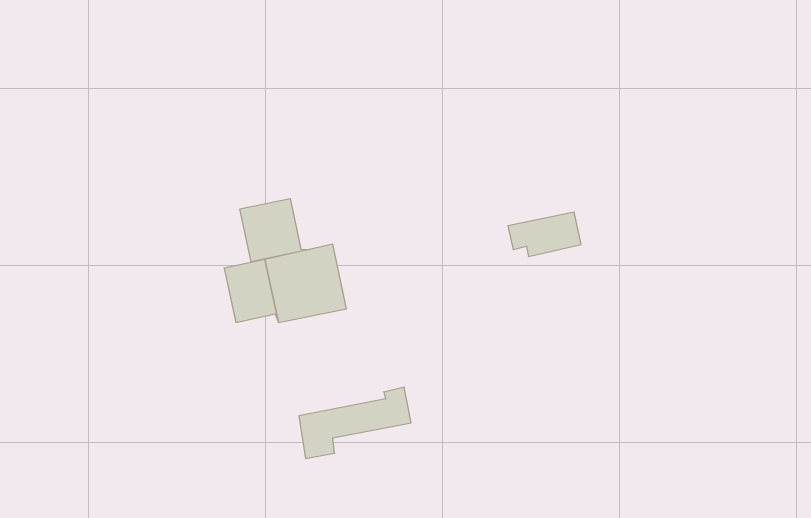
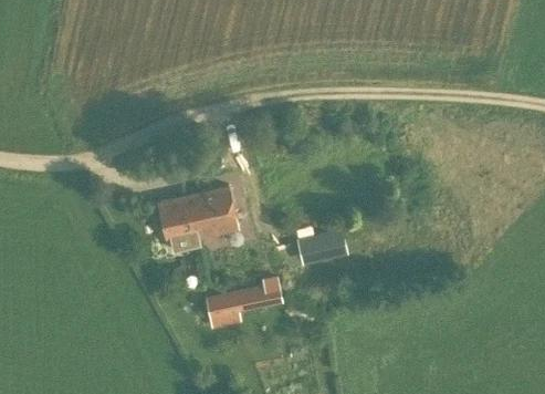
building: [240,199,310,262] -> none
building: [508,212,581,256] -> [300,231,347,260]

